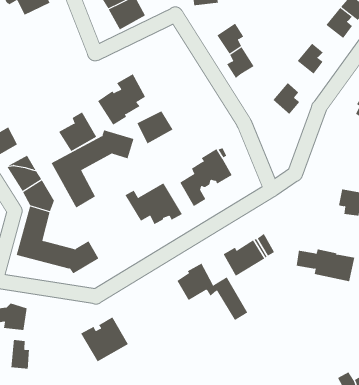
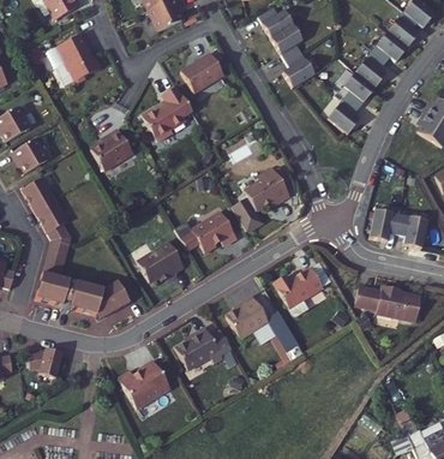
building: none -> [254,8,289,41]
building: none -> [376,29,412,60]
building: none -> [56,31,102,82]
building: none -> [347,70,378,106]
building: [137,110,174,144] -> [175,55,217,94]
building: [51,130,134,208] -> none
building: none -> [378,210,409,242]
building: none -> [134,240,180,281]
building: none -> [174,329,230,376]
building: [11,339,30,369] -> none

